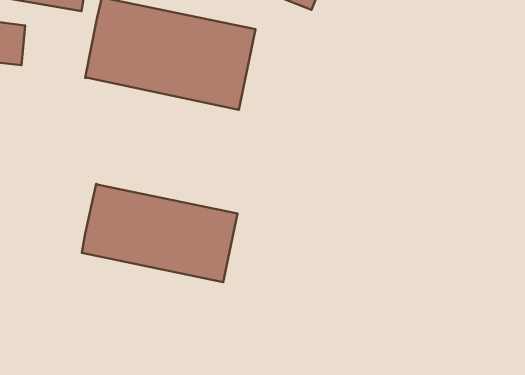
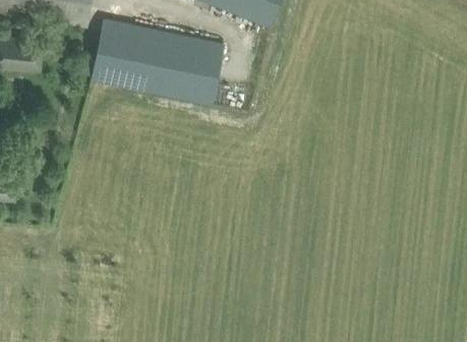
building: [82,184,237,282] -> none

